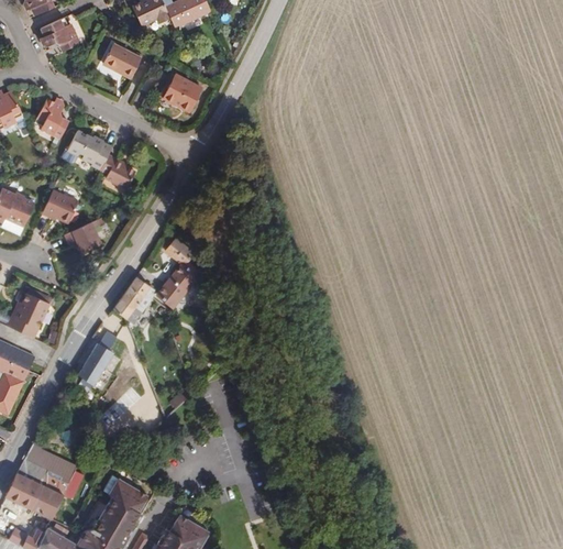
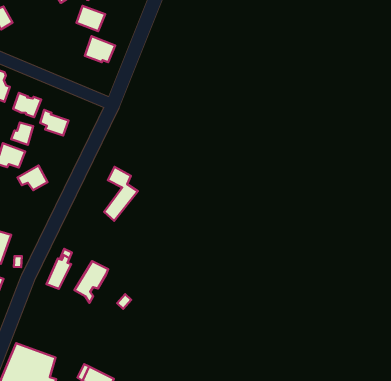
building: [98,40,134,73] -> [76,6,105,31]
building: none -> [11,123,33,145]
building: [115,272,159,322] -> [75,261,108,303]

